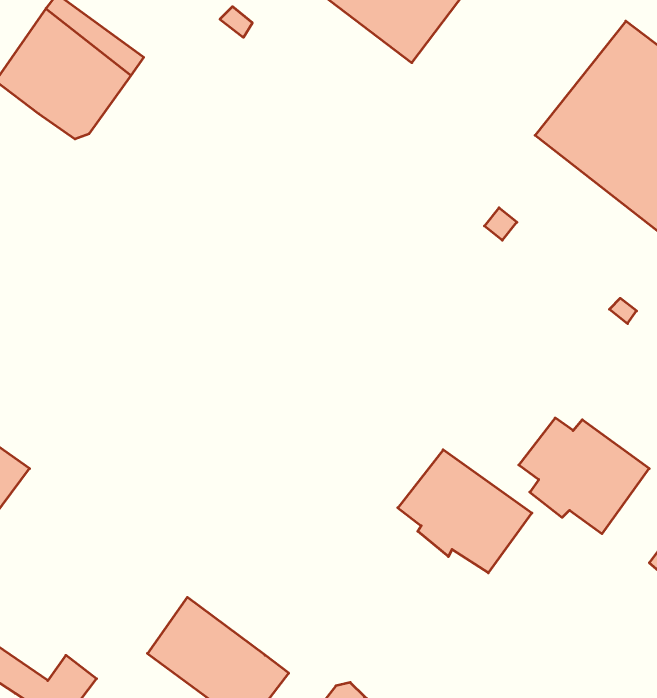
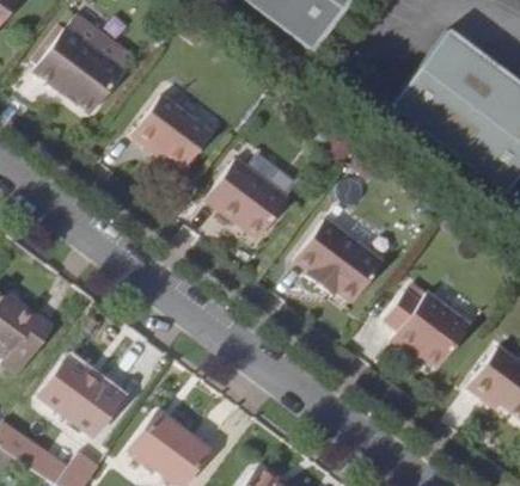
building: none -> [130,91,213,164]
building: none -> [208,158,288,235]
building: [398,450,532,573] -> [294,219,383,300]
building: none -> [43,359,121,431]

